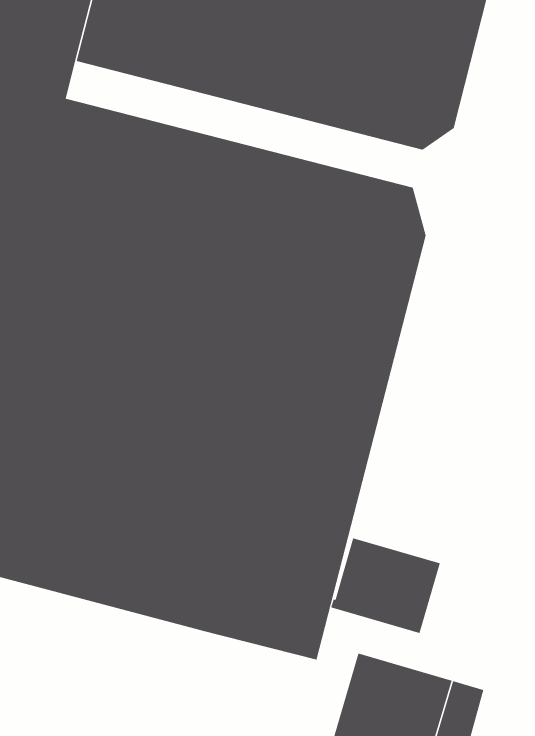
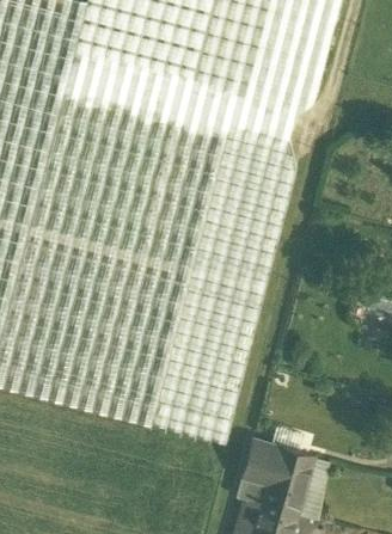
building: none -> [65,57,294,139]
building: [331,538,440,634] -> none

